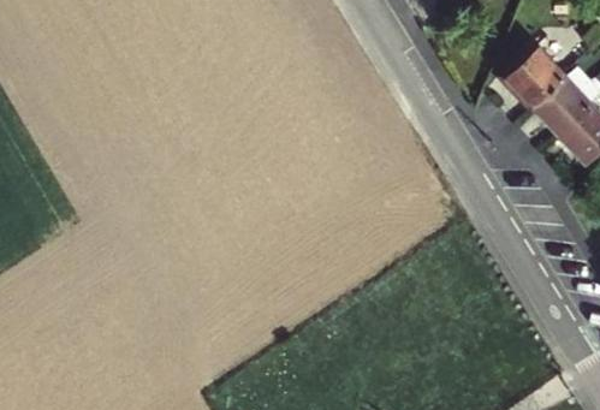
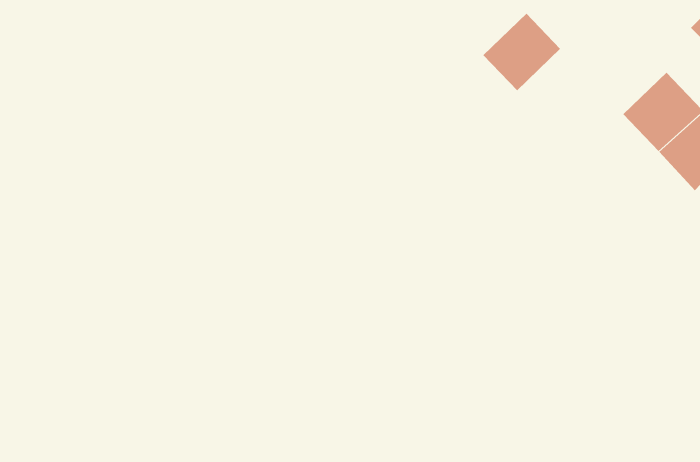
building: [506,48,566,108] -> [482,13,561,91]

